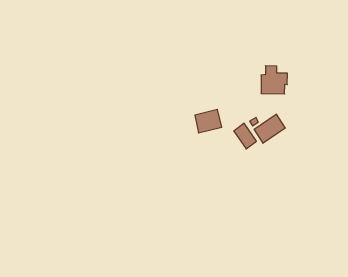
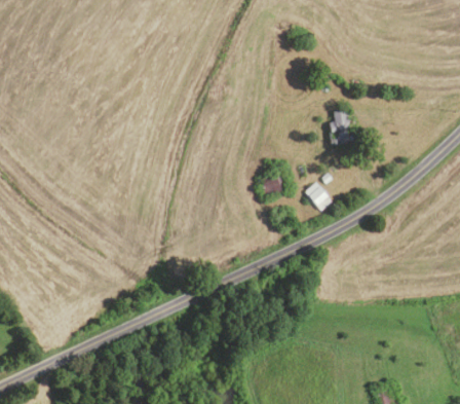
building: [254,114,285,143] -> none

